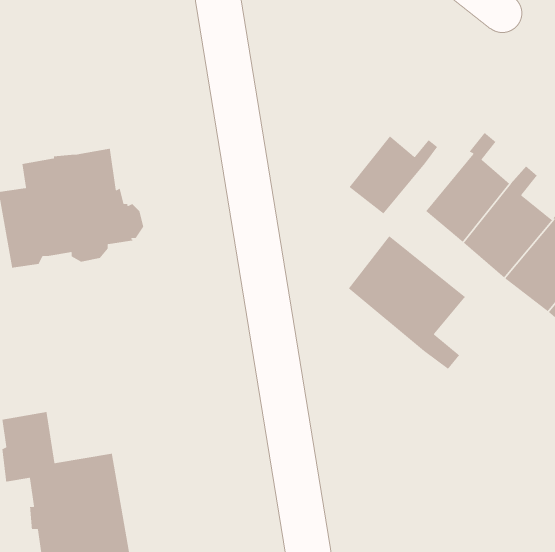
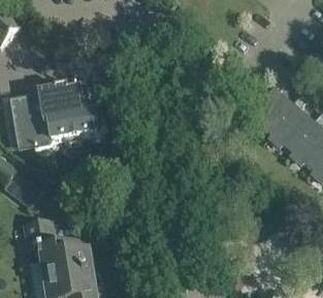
building: [349,135,438,214] -> none
building: [348,235,467,370] -> none

